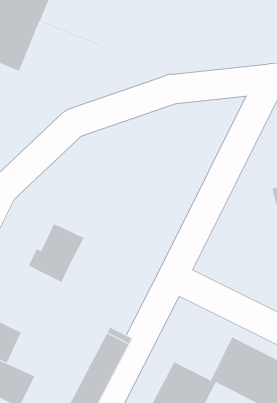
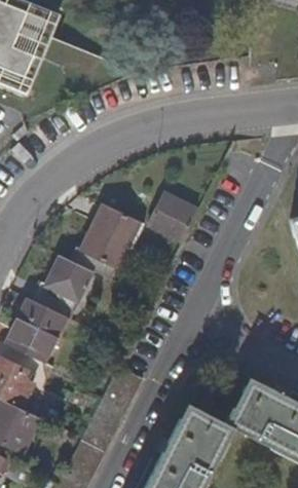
building: none -> [148,194,195,240]
building: none -> [69,204,139,281]
building: none -> [7,301,66,365]

